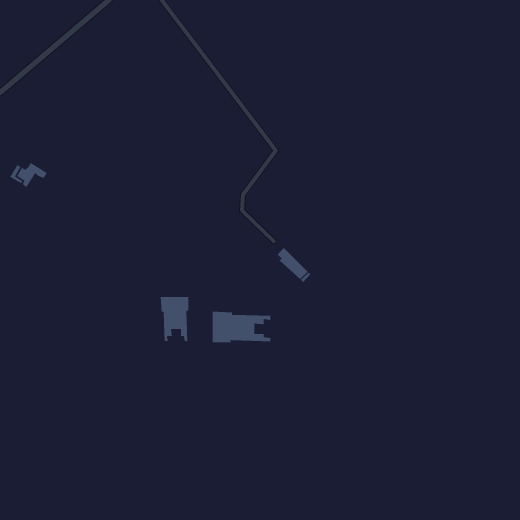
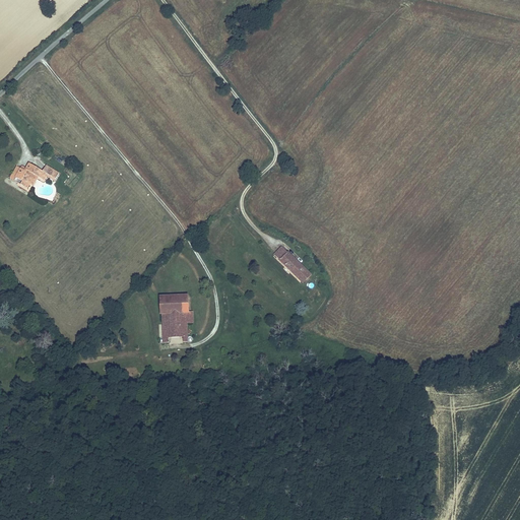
building: [212,311,271,343] -> none

